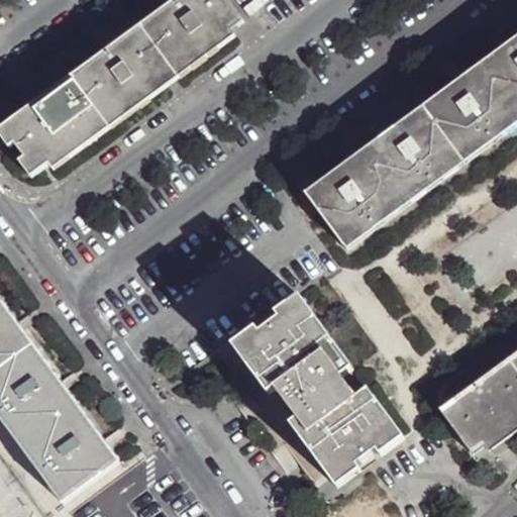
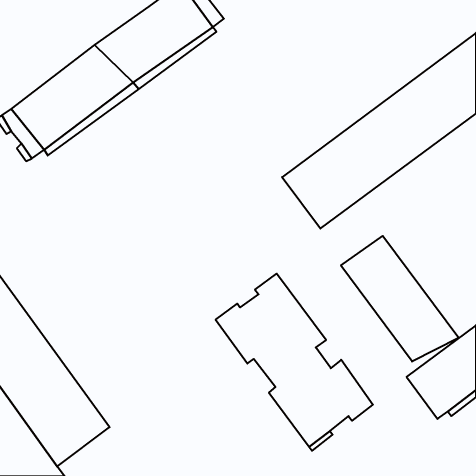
building: none -> [341,236,459,362]

